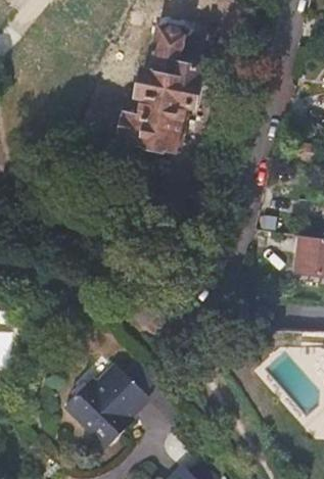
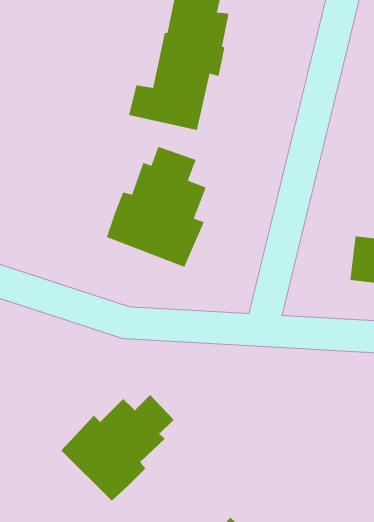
building: none -> [106,146,207,268]

